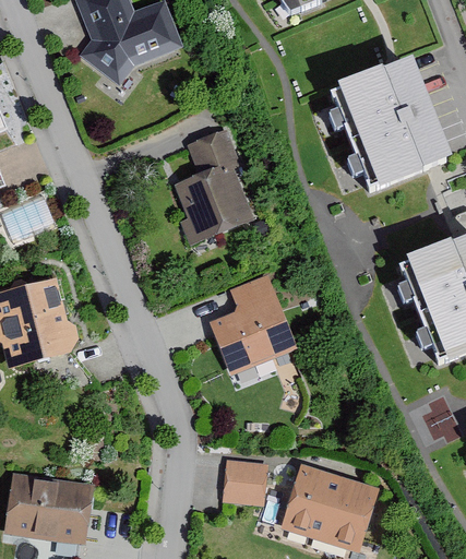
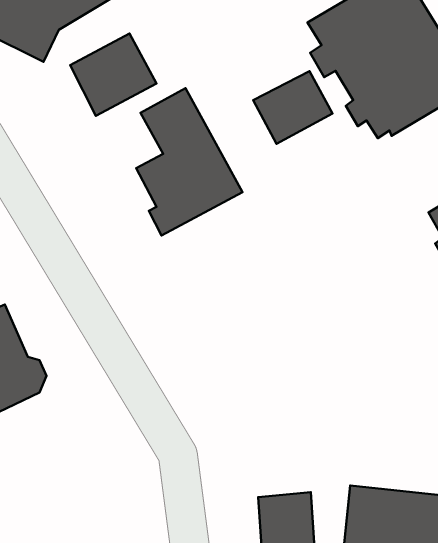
building: none -> [70,33,157,116]
building: none -> [253,71,332,144]
building: [211,275,300,373] -> none

